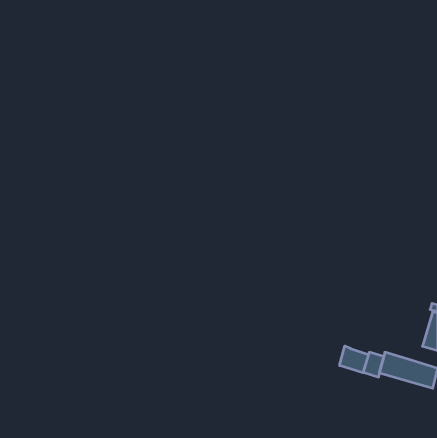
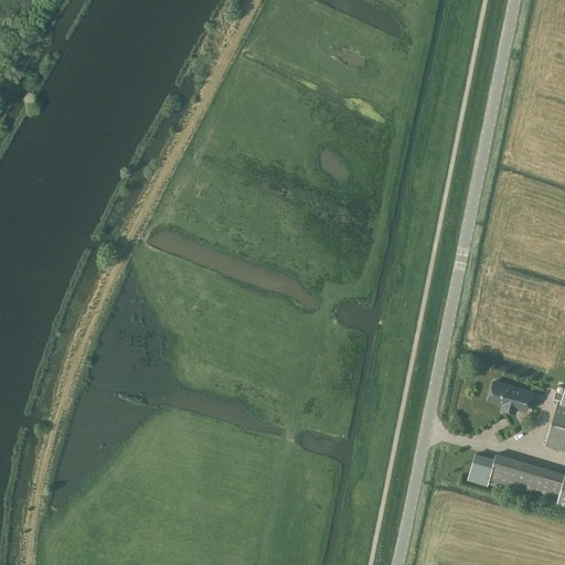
building: none -> [489,382,532,413]
building: [340,346,369,373] -> none

